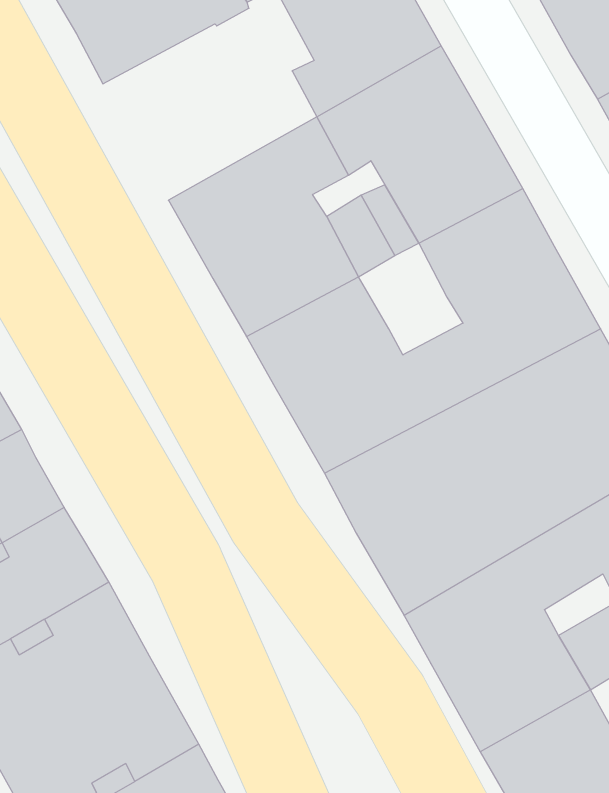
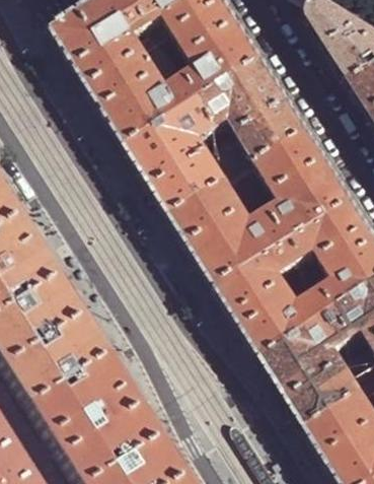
building: none -> [89,43,202,145]
building: none -> [228,160,275,206]

